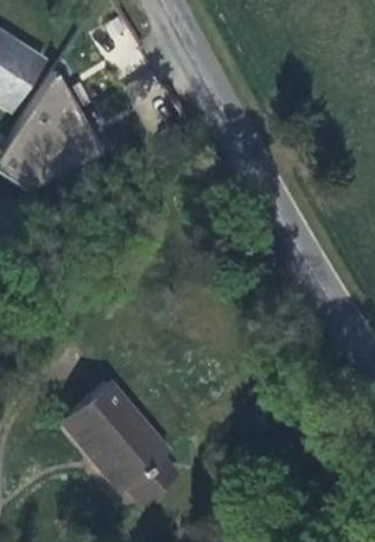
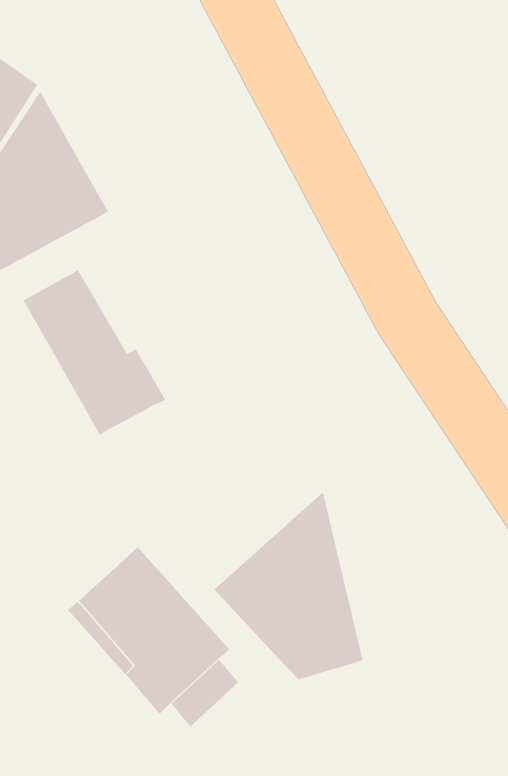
building: none -> [23,269,166,436]
building: none -> [213,491,363,680]

